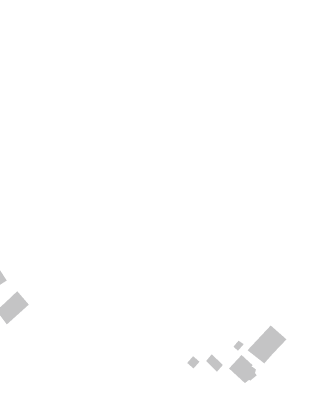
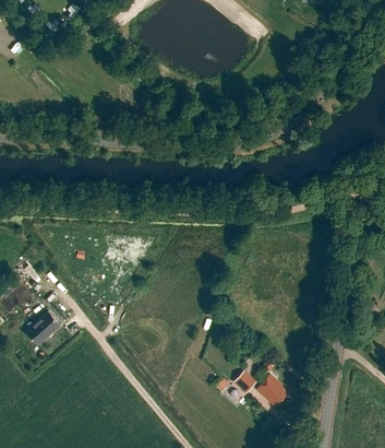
building: [247,324,288,365] -> none

